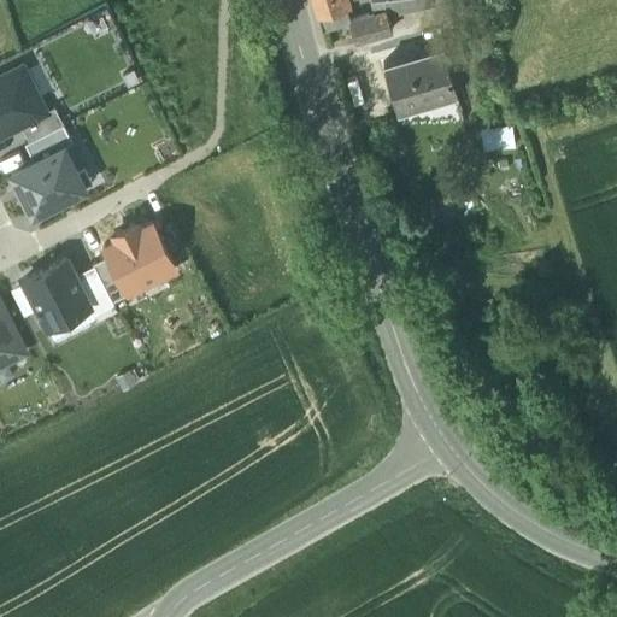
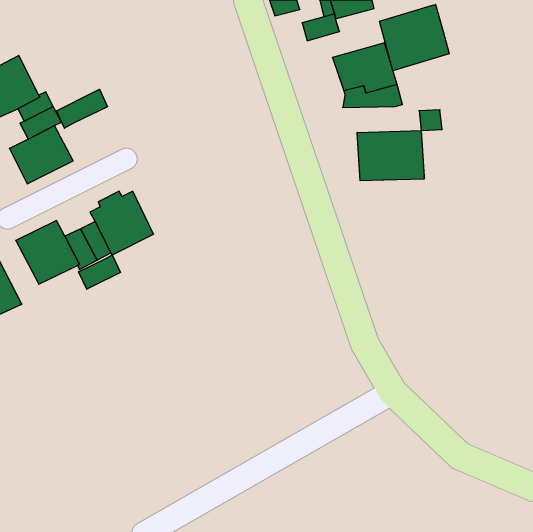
building: none -> [379,4,449,71]
building: none -> [56,89,108,128]
building: none -> [357,131,424,181]
building: none -> [79,255,120,289]

